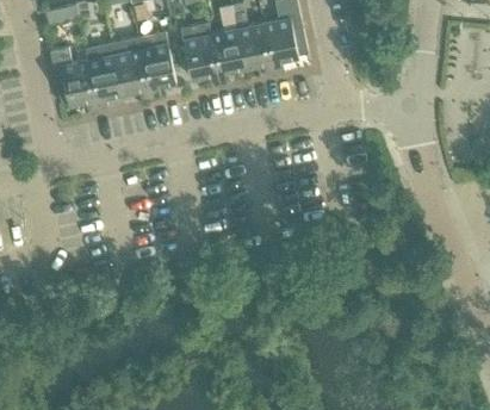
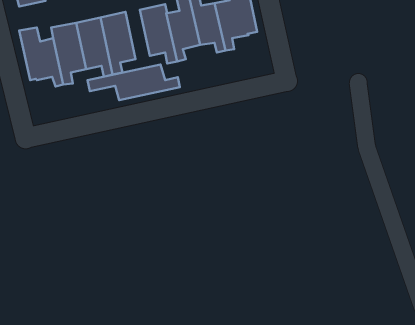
building: none -> [87,65,180,100]

